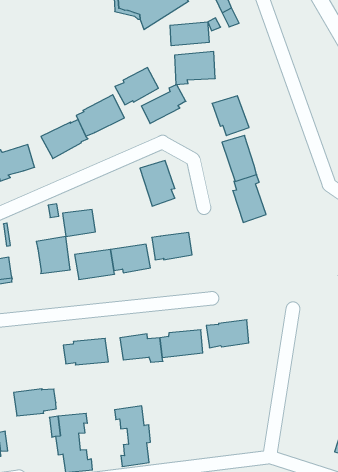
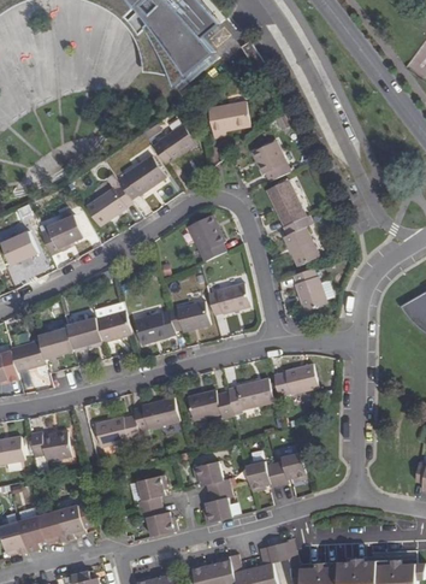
building: [170,22,209,46] -> none
building: [141,84,186,124] -> none
building: [63,210,95,237] -> [66,318,101,348]
building: none -> [292,267,326,311]
building: [14,389,56,416] -> [94,415,138,447]
building: none -> [244,453,306,492]

